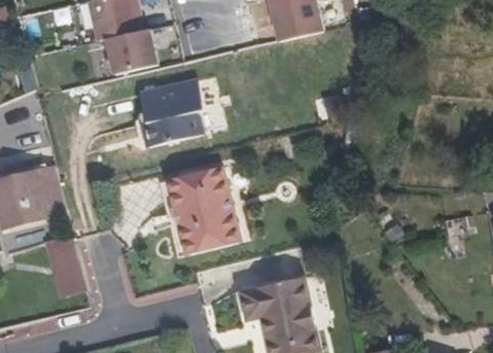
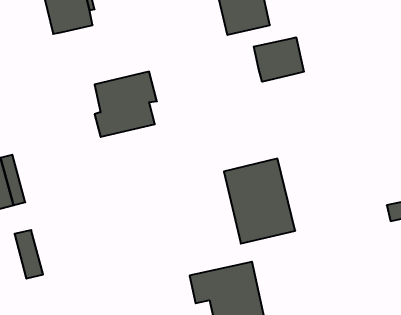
building: [106,28,156,74] -> none
building: none -> [254,37,304,82]
building: [167,167,241,255] -> [224,159,295,244]

